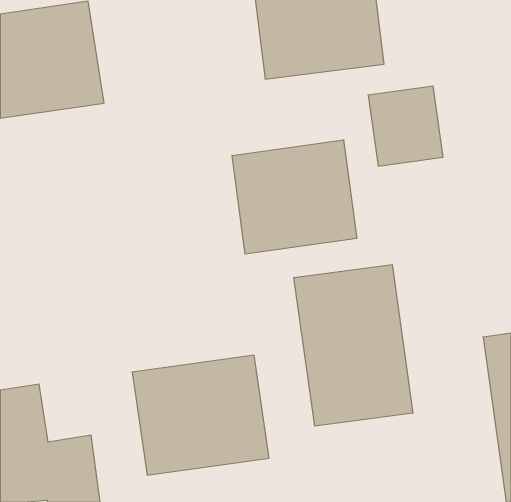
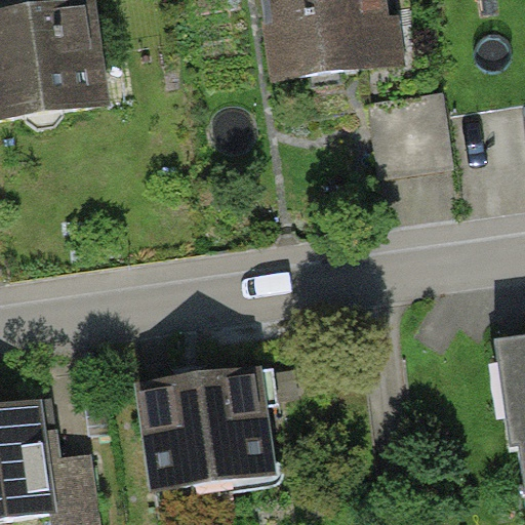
building: [232,140,357,254] -> none
building: [294,265,413,426] -> none

